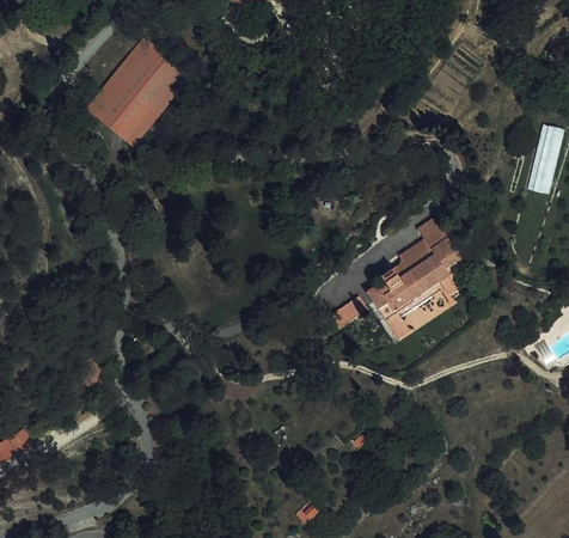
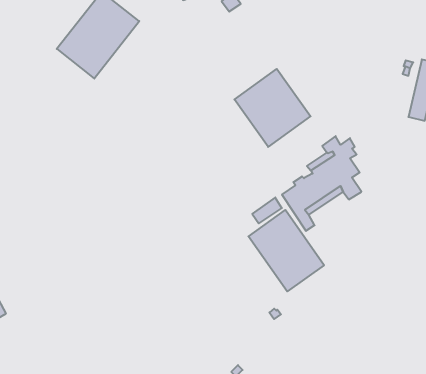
building: none -> [234,69,311,147]
building: none -> [248,210,324,291]

